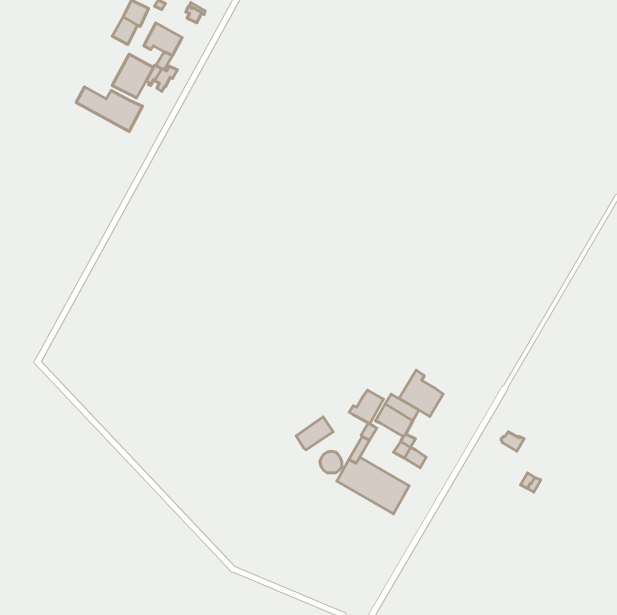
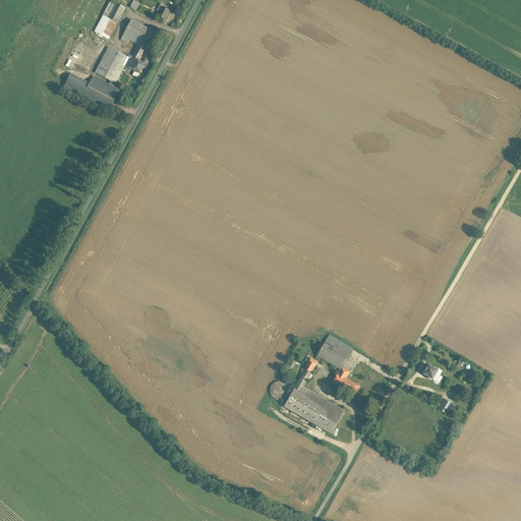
building: [399,370,443,416] -> none
building: [349,390,384,424] -> none
building: [296,417,333,450] -> none

